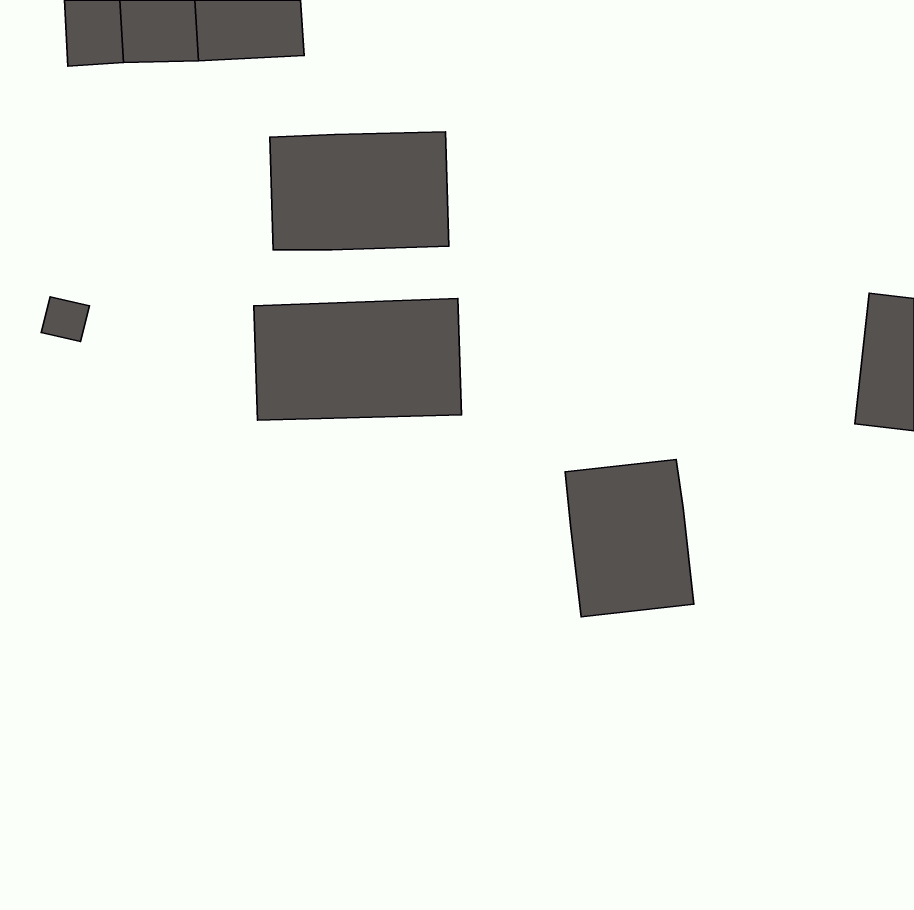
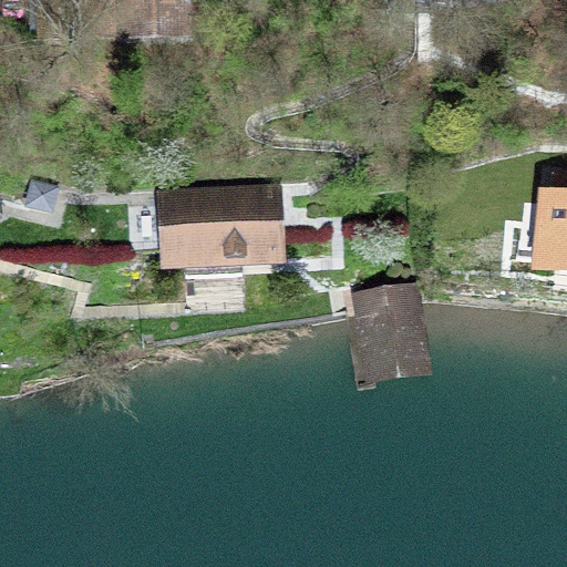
building: [270,132,449,250] -> none

